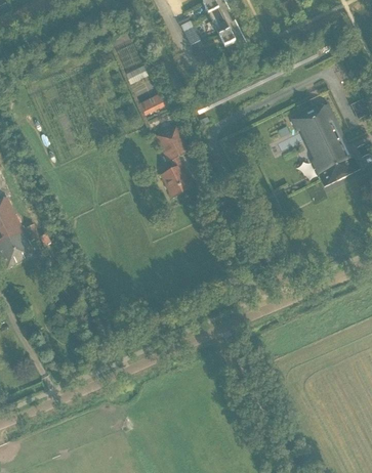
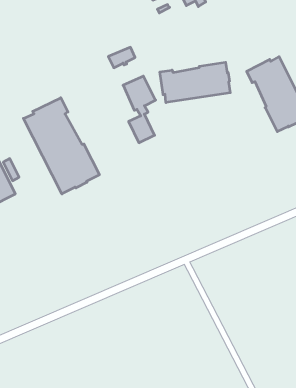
building: none -> [160,62,230,103]
building: none -> [23,98,99,194]

